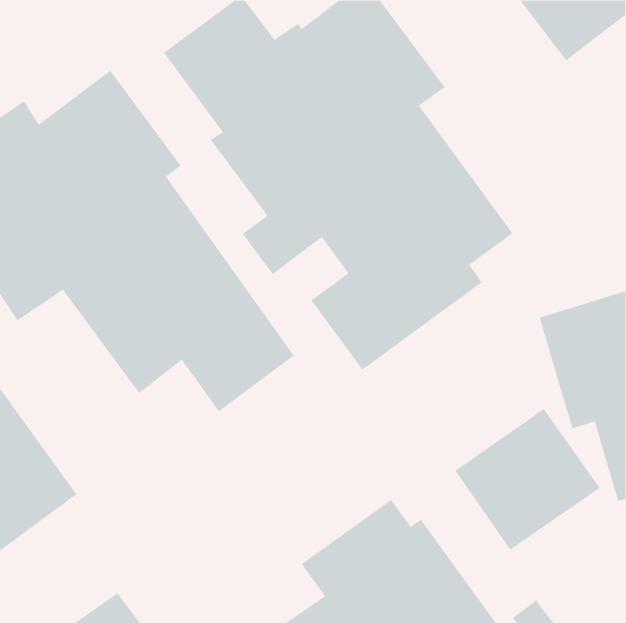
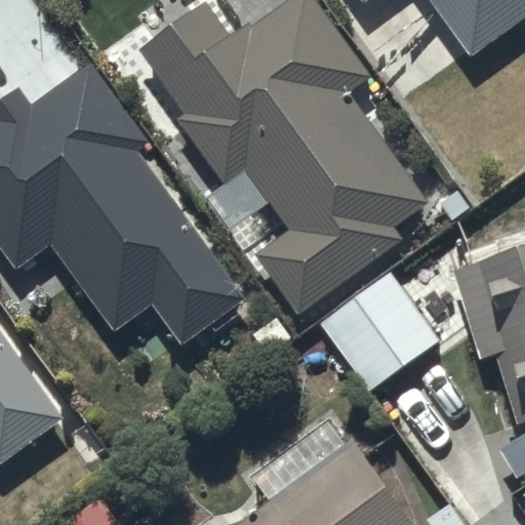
building: [455,408,601,550] -> [318,272,440,391]

